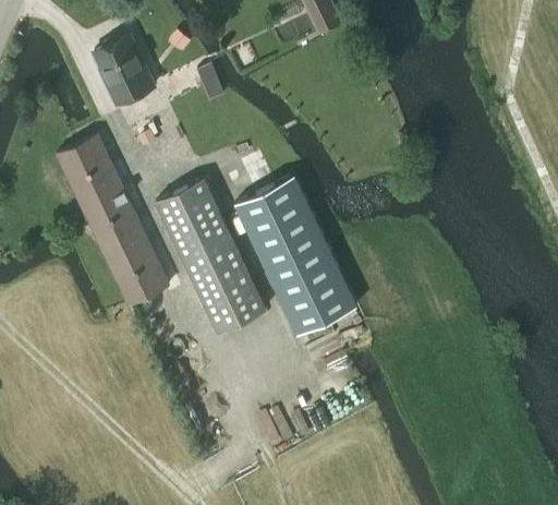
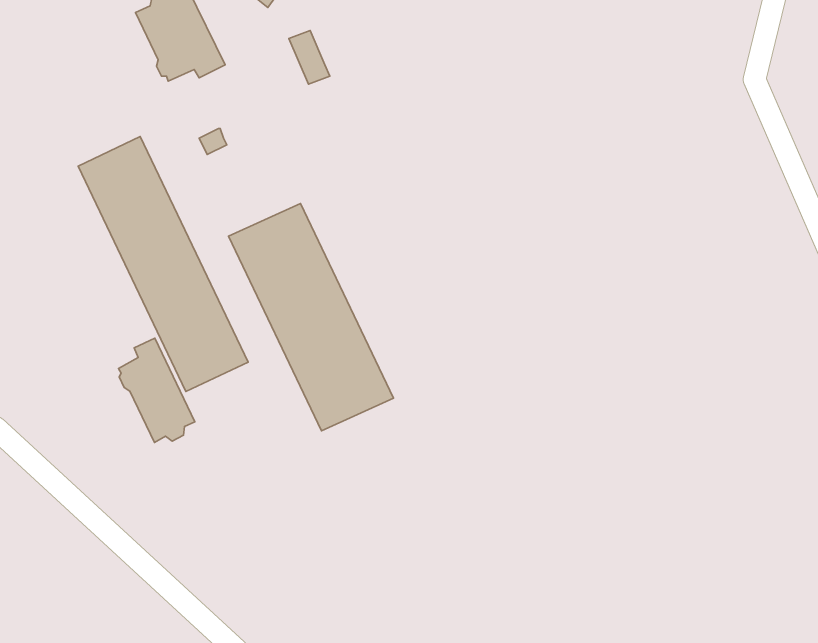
building: [234,177,356,335] -> none
building: none -> [118,338,195,442]

